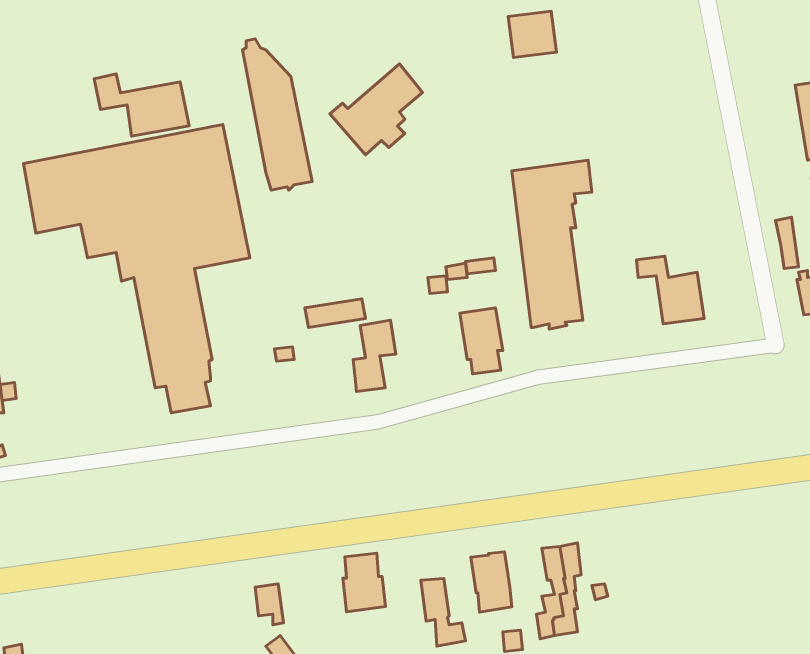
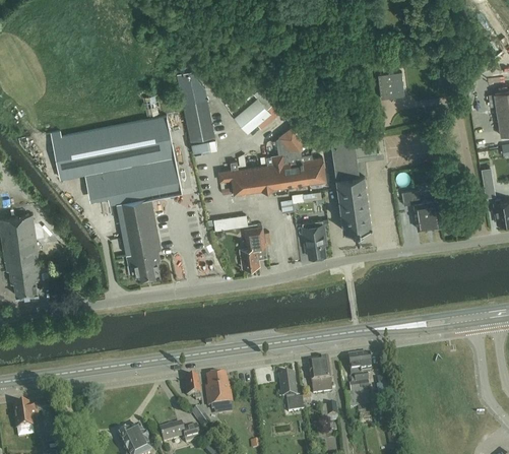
building: [508,11,556,58] -> [378,72,405,99]
building: [94,74,189,136] -> none
building: none -> [219,127,326,193]
building: [343,553,386,612] -> [206,374,231,407]

